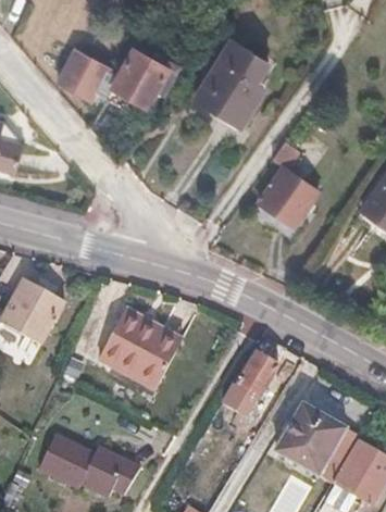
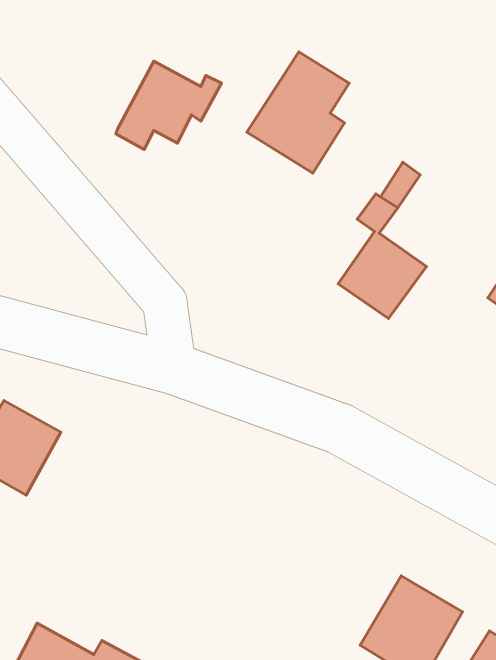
building: [59,48,123,99] -> none
building: [98,310,180,390] -> none
building: [237,354,277,398] -> none

